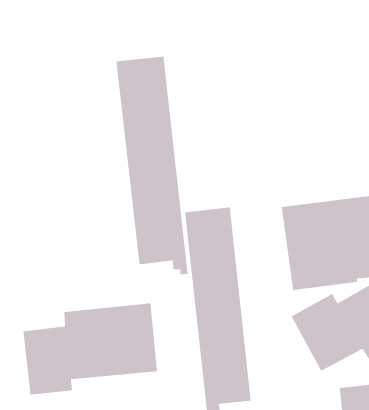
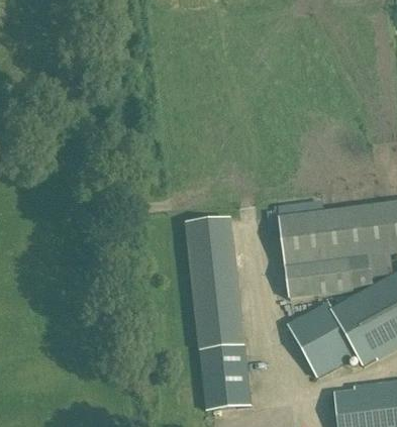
building: [116,56,188,275] -> none
building: [22,302,158,396] -> none

